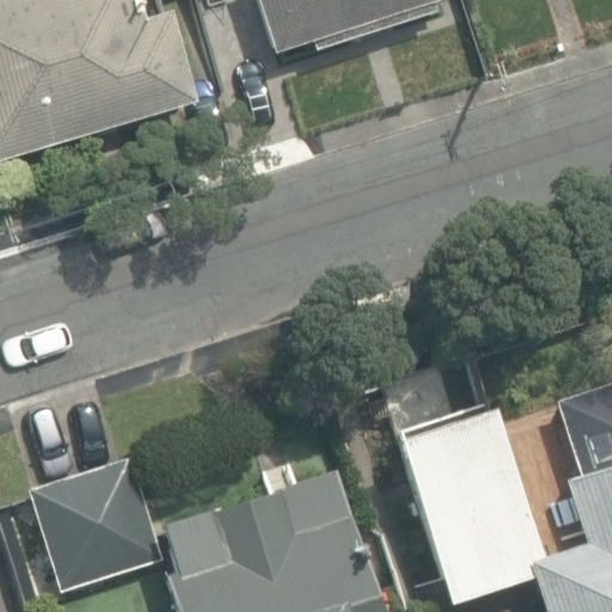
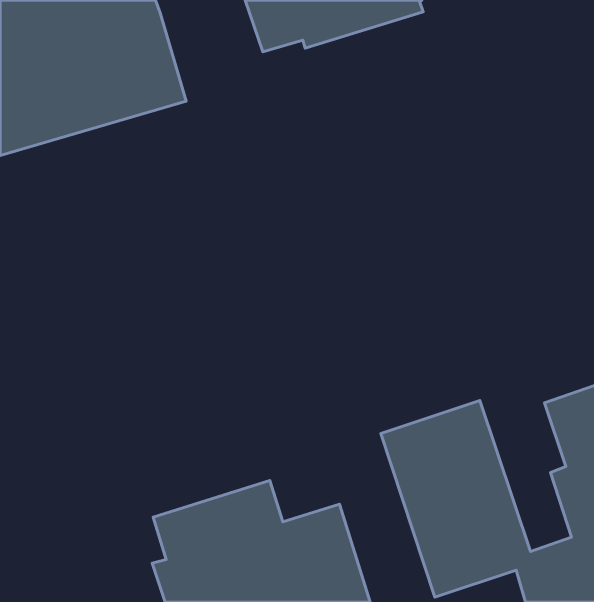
building: [31,453,166,589] -> none

